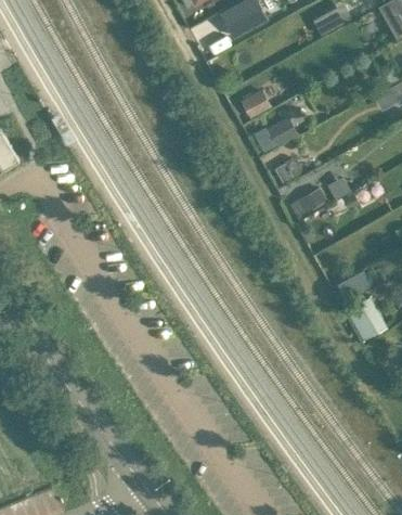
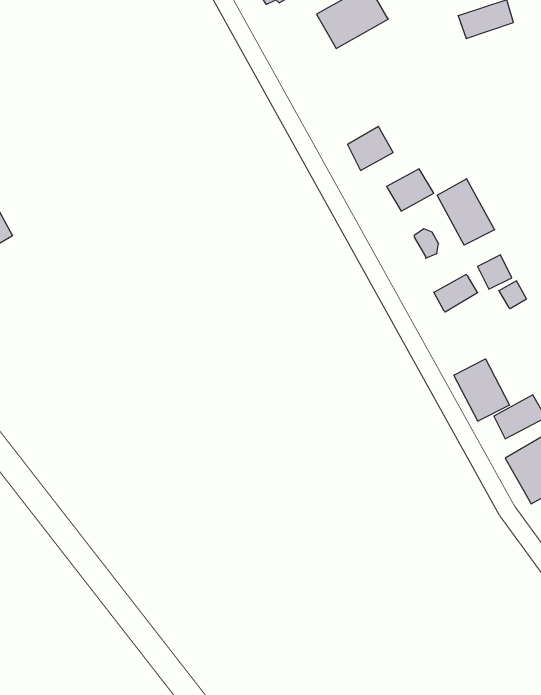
building: none -> [437,179,495,245]
building: none -> [454,359,510,421]

